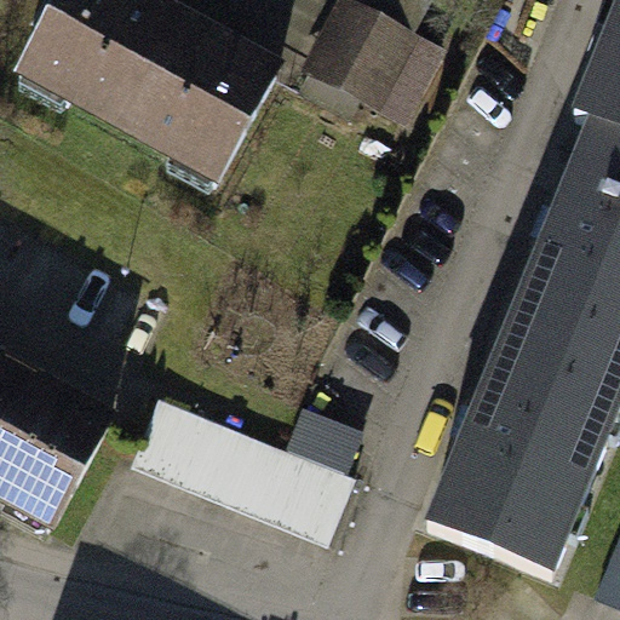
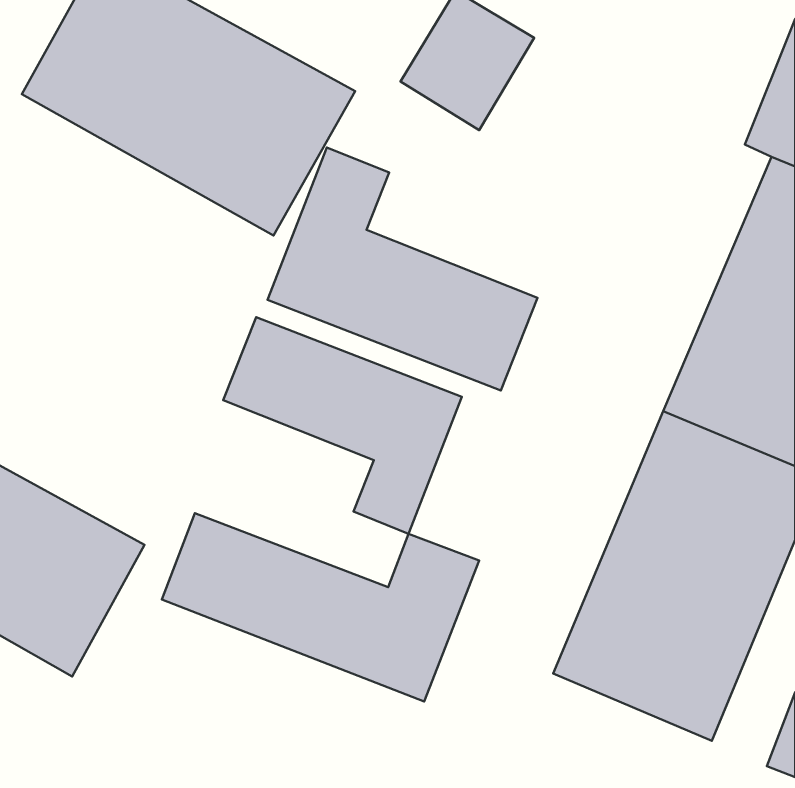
building: none -> [267,147,538,391]
building: none -> [223,317,462,534]

